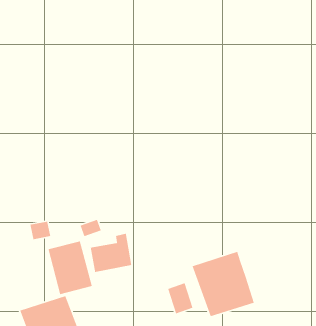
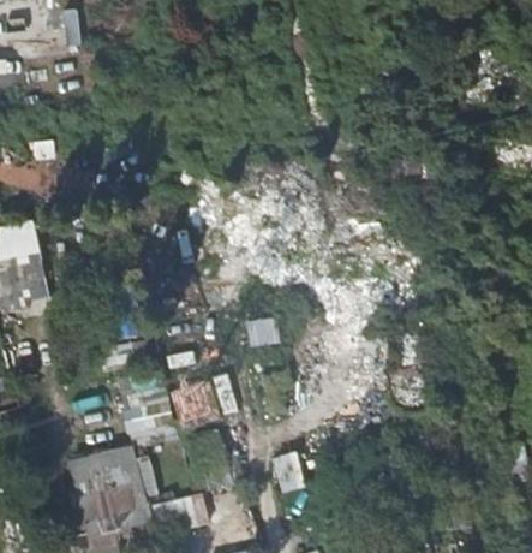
building: [191,251,255,317] -> none

